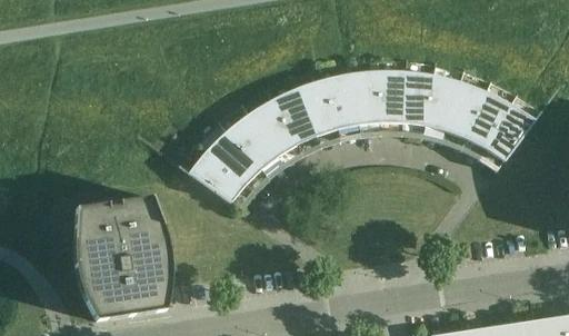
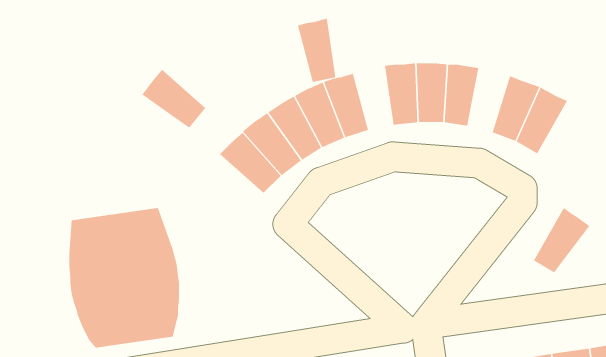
building: [323,72,358,129] -> [297,18,336,83]
building: [423,75,460,131] -> none
building: [485,103,535,161] -> [533,207,590,273]
building: [188,150,244,202] -> [141,69,206,129]

